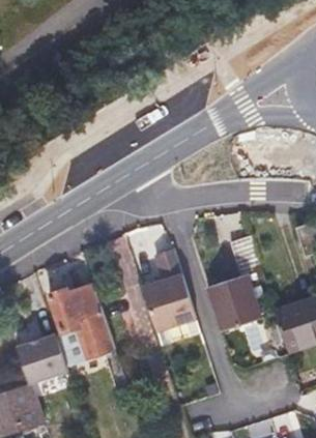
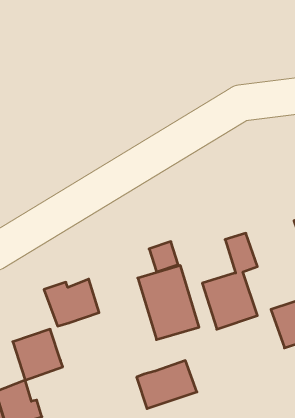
building: [54,317,114,364] -> [137,361,197,409]

